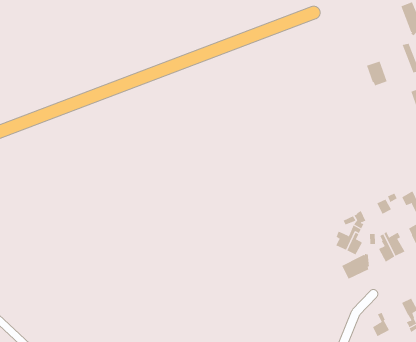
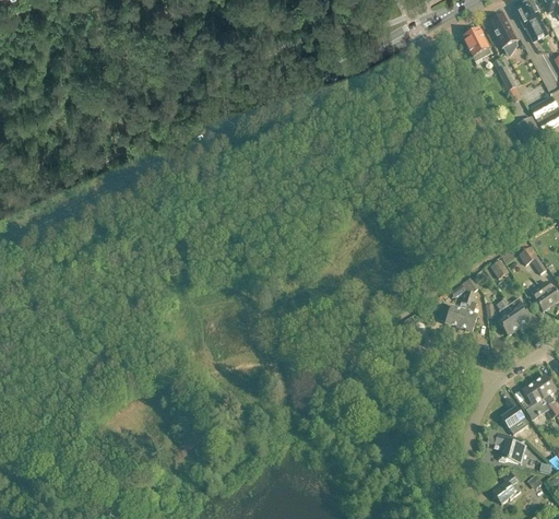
building: [366,61,388,86] -> [463,28,491,60]
building: [341,253,369,280] -> none
building: none -> [523,382,548,418]

